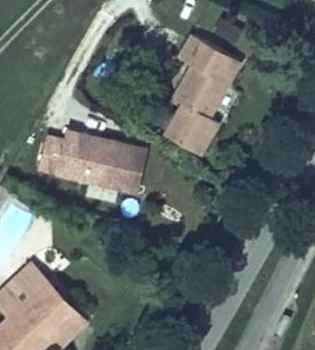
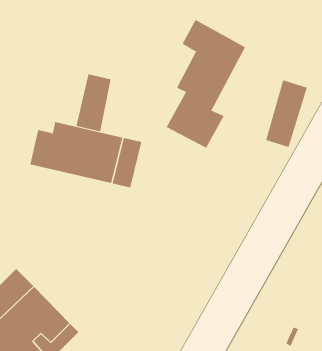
building: none -> [76,74,111,132]
building: none -> [266,79,308,148]

